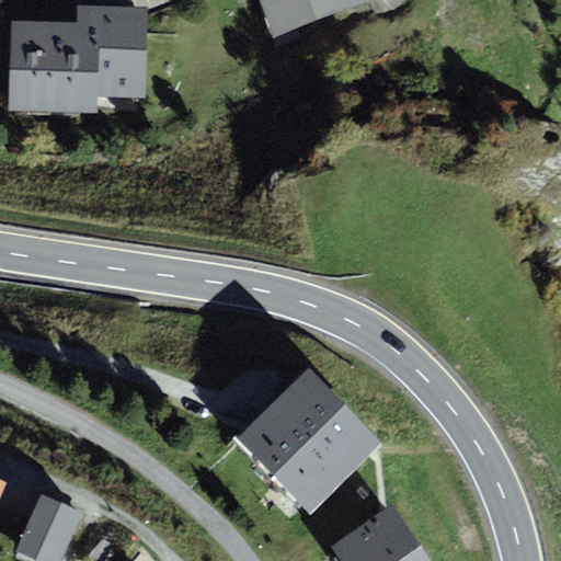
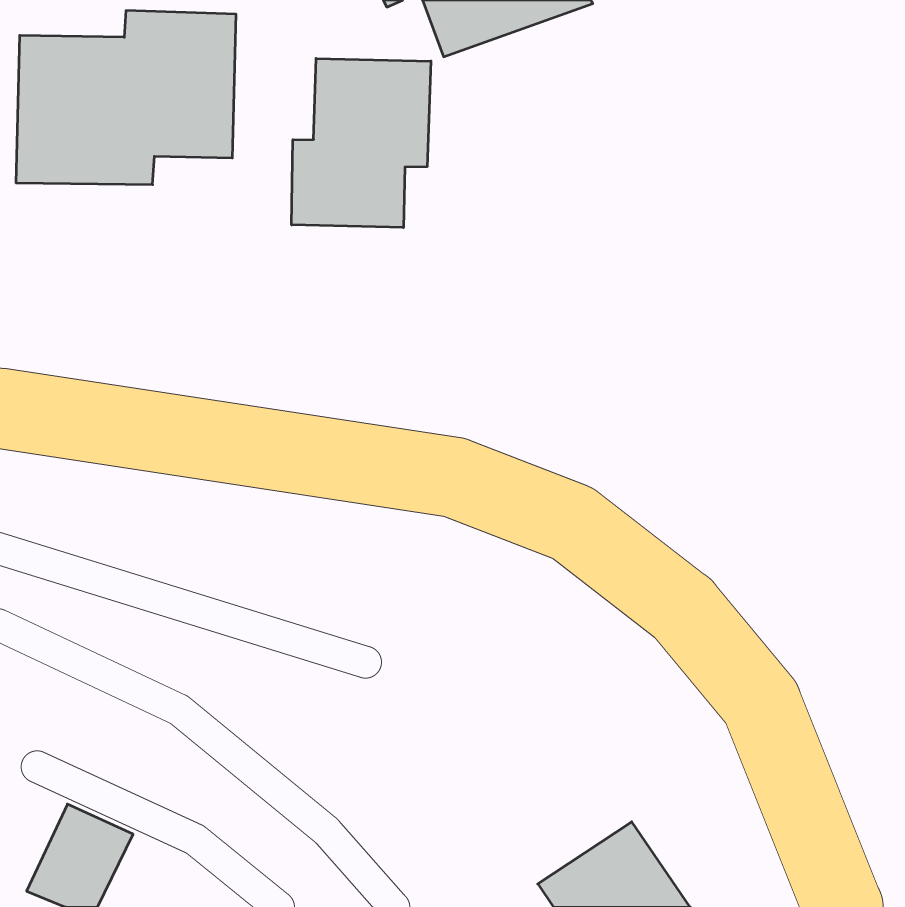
building: none -> [292,58,431,228]
building: [239,371,377,510] -> none

